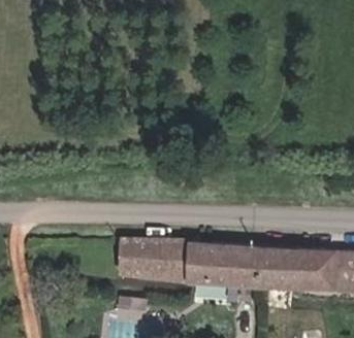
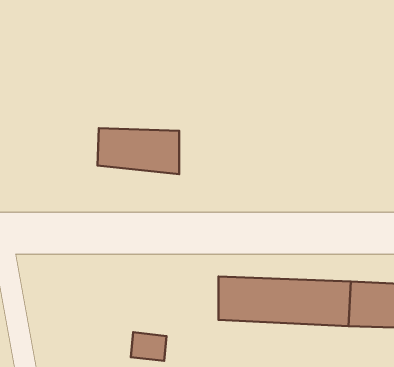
building: [121,238,189,276] -> [98,128,179,174]

